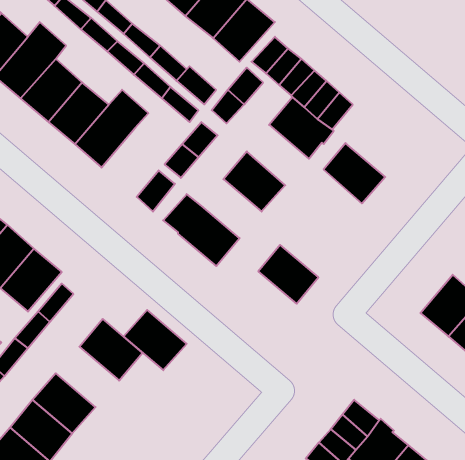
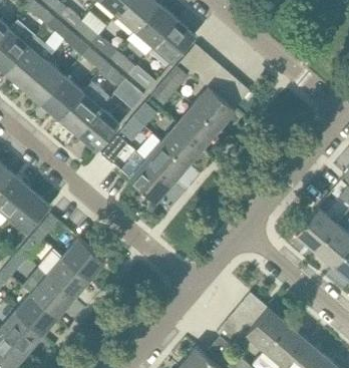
building: none -> [77,108,119,151]
building: [324,143,385,203] -> [177,106,219,147]
building: [258,245,318,304] -> [145,143,187,183]
building: [123,310,187,370] -> [46,258,89,299]

